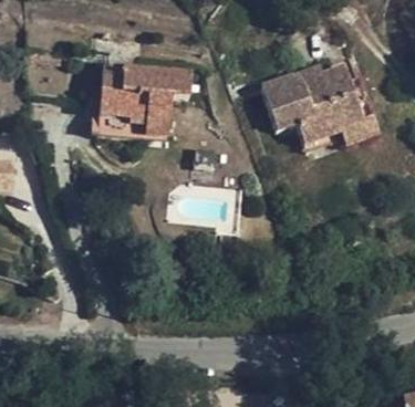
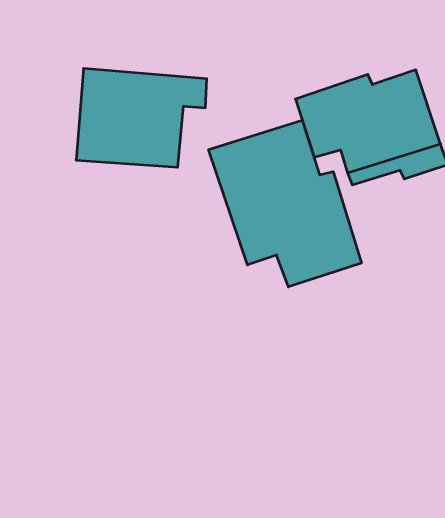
building: none -> [209,120,361,287]

